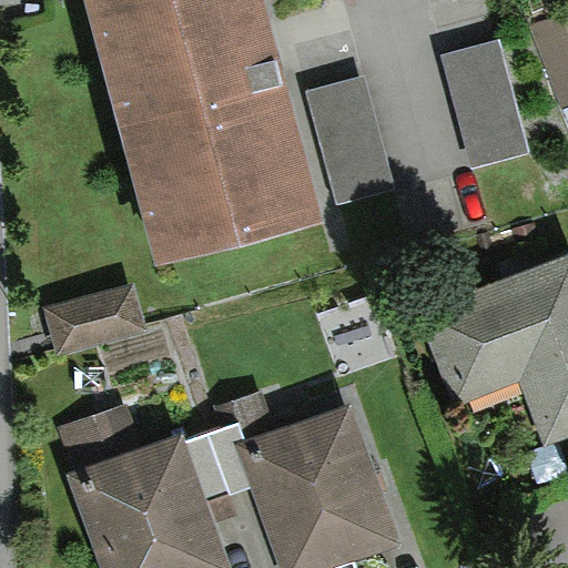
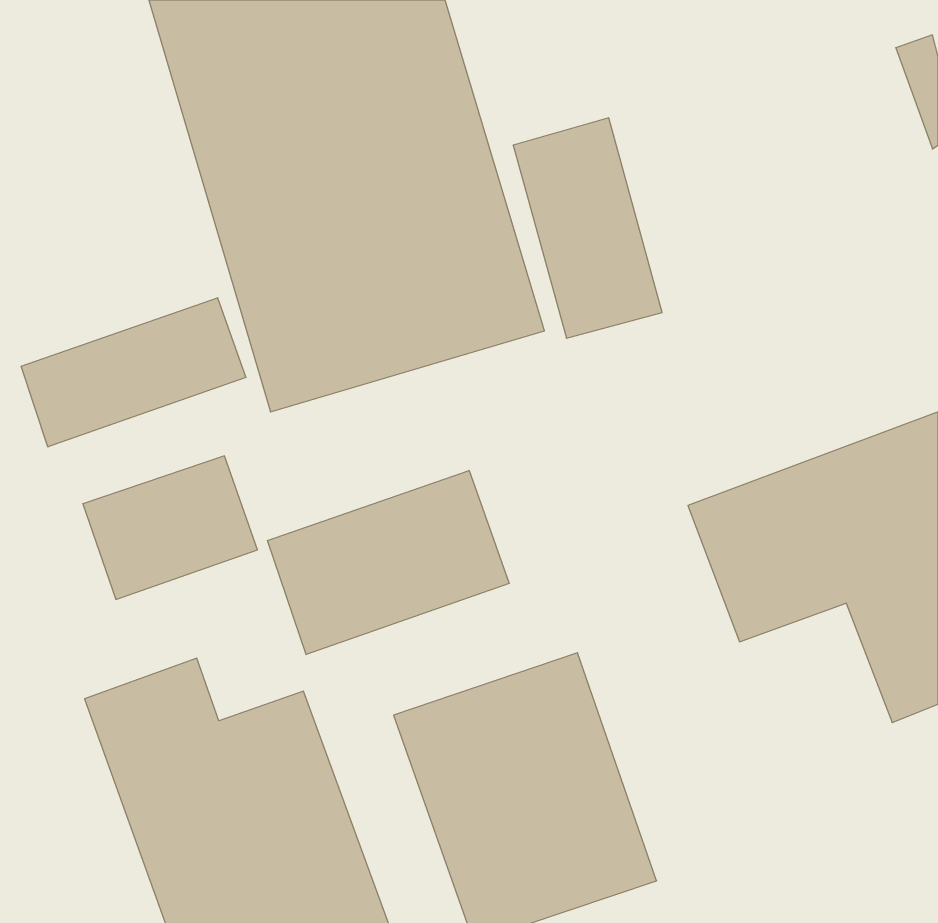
building: [440,49,519,169] -> none
building: none -> [21,298,246,447]
building: none -> [268,470,509,655]

